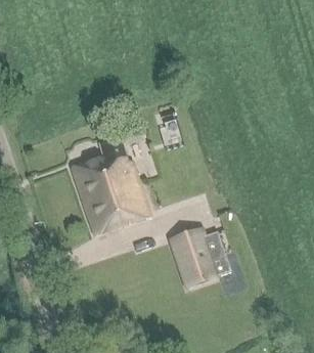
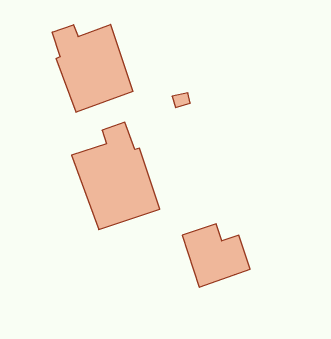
building: none -> [52,24,133,112]

